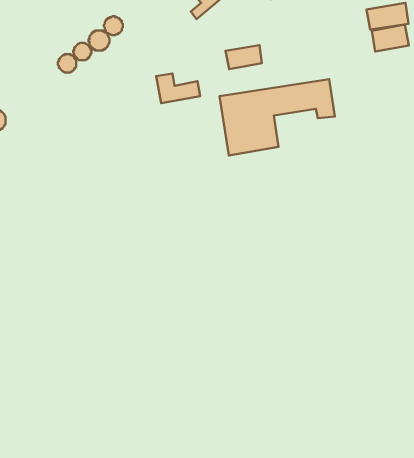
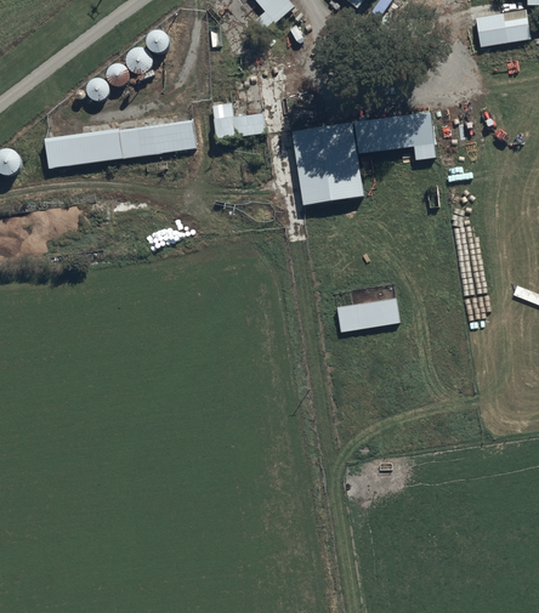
building: [372,24,409,51] -> none
building: [226,45,262,69] -> none
building: none -> [44,117,195,169]
building: none -> [339,299,402,331]

